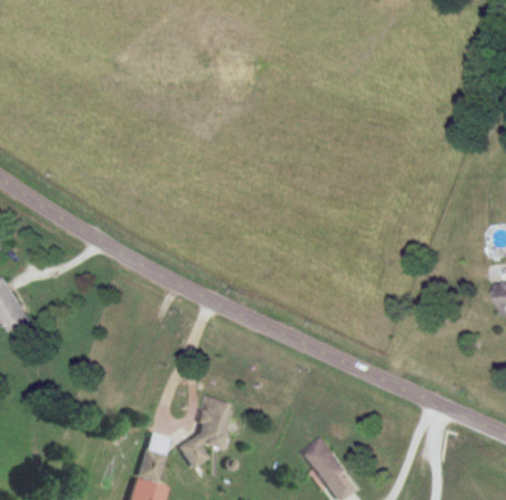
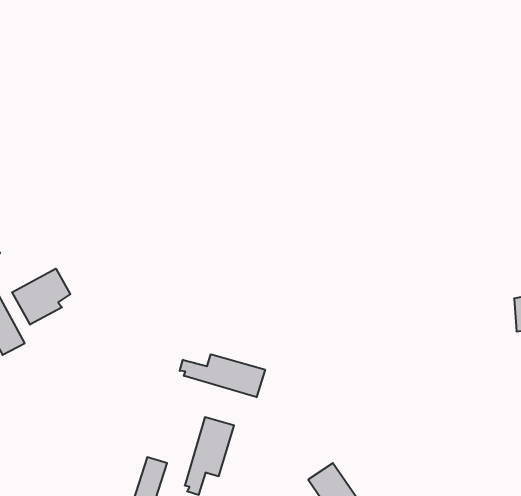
building: none -> [12,269,70,325]
building: none -> [180,354,265,397]

